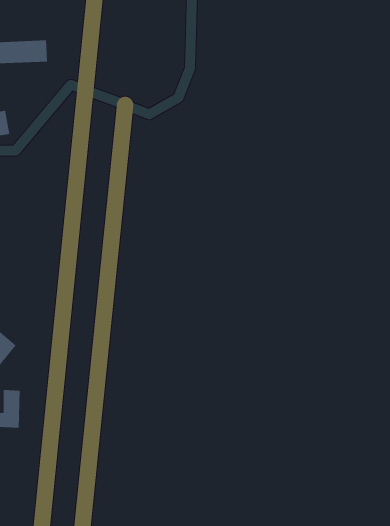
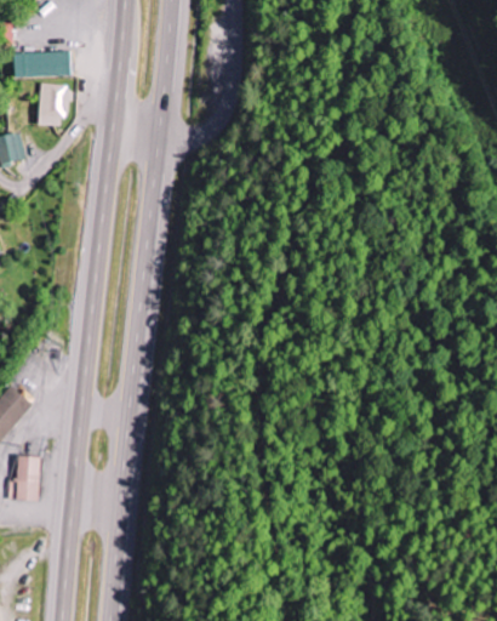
building: none -> [35,84,67,126]

